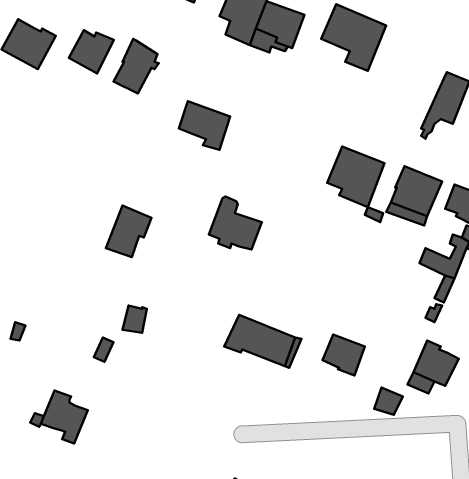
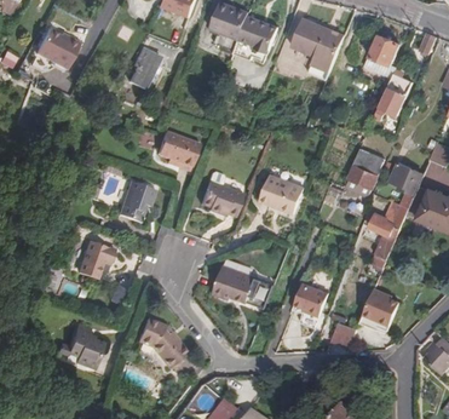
building: none -> [363,34,399,78]
building: [69,30,114,74] -> none
building: [179,101,230,150] -> [156,131,197,170]
building: [327,147,385,207] -> [260,172,306,220]
building: none -> [77,240,113,277]
building: none -> [139,318,188,367]

